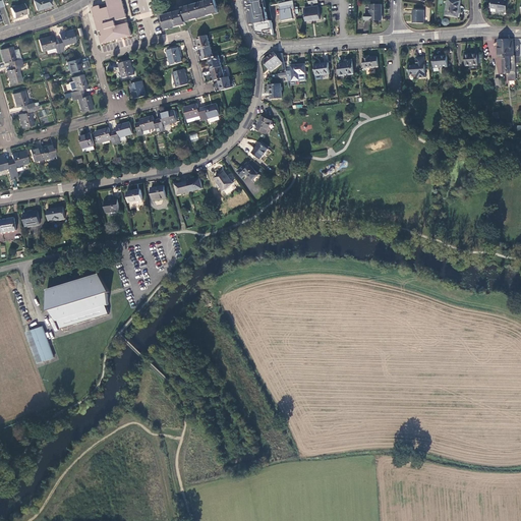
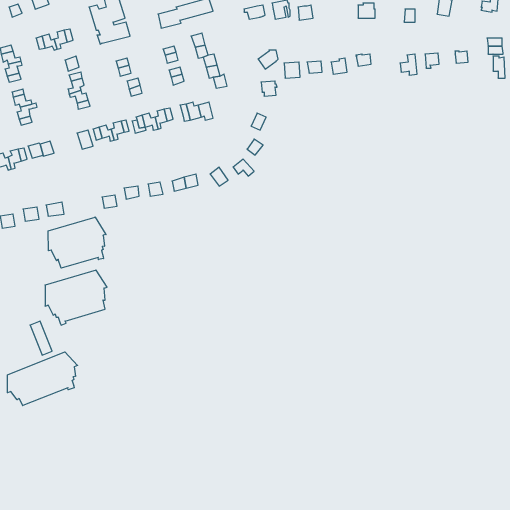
building: none -> [48,217,106,268]
building: none -> [7,352,78,406]

